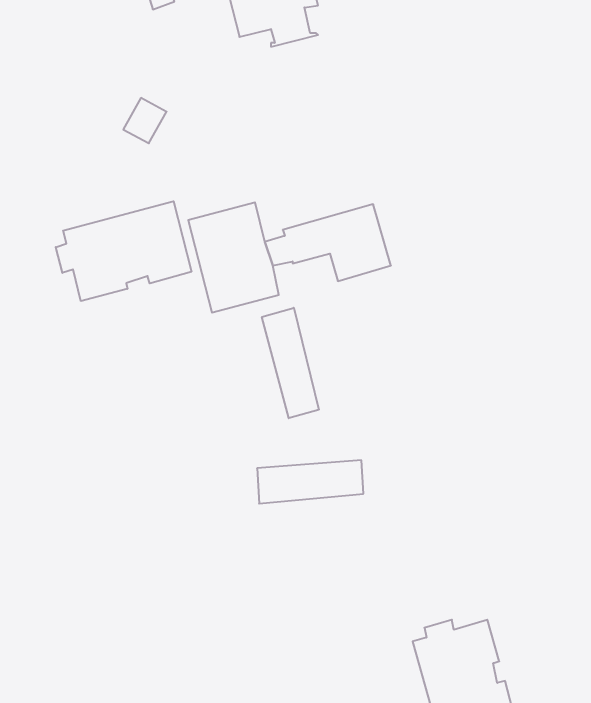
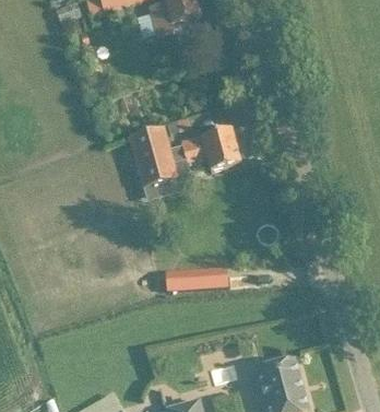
building: [56,201,191,301] -> none
building: [262,308,319,418] -> none

